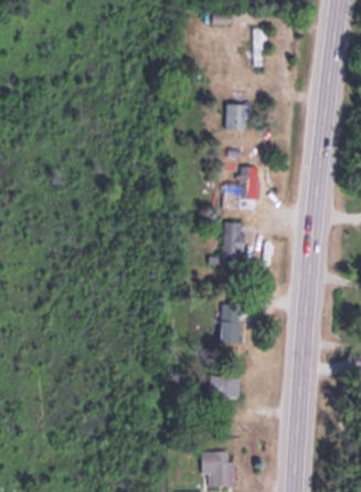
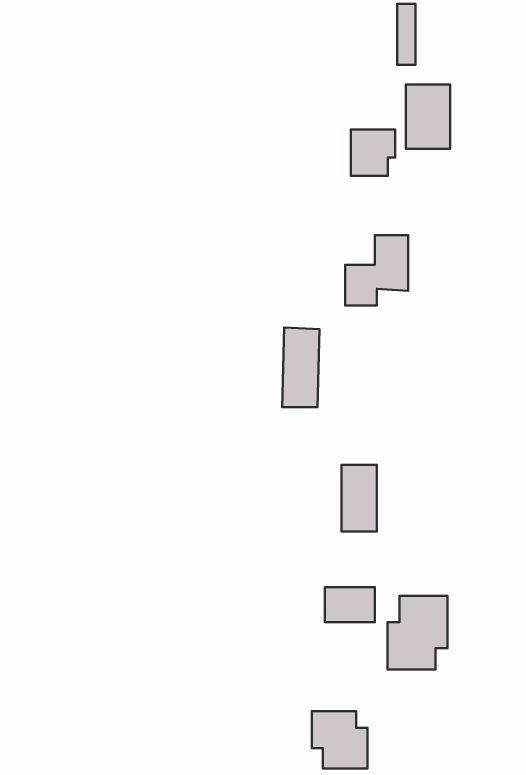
building: none -> [406,85,450,149]
building: [222,222,244,270] -> [282,327,319,407]
building: none -> [387,596,448,670]

